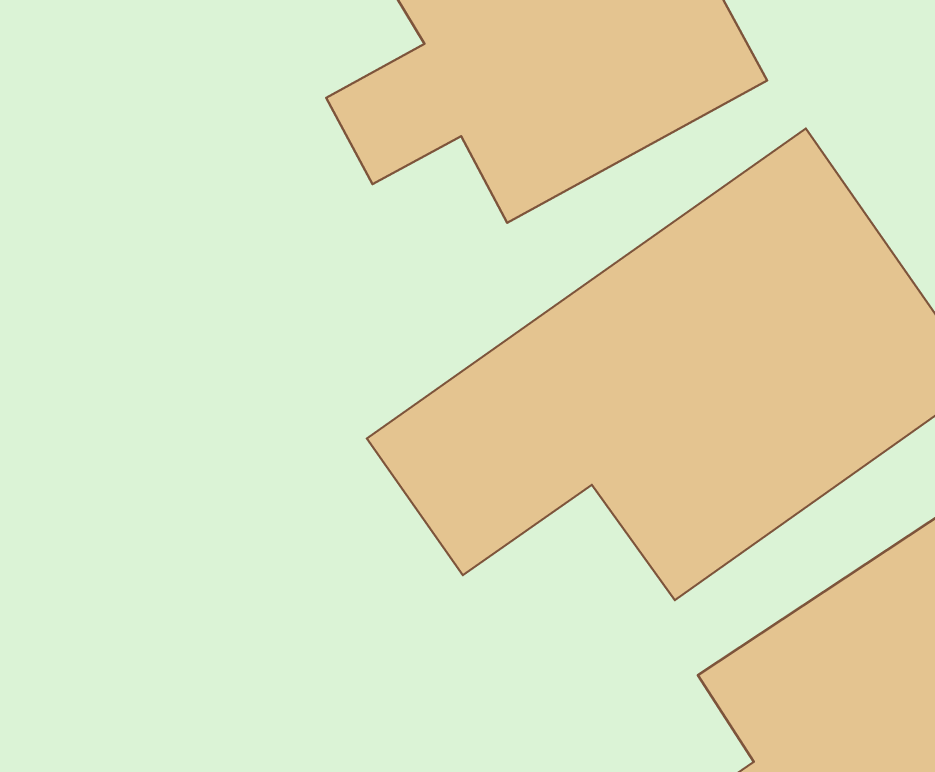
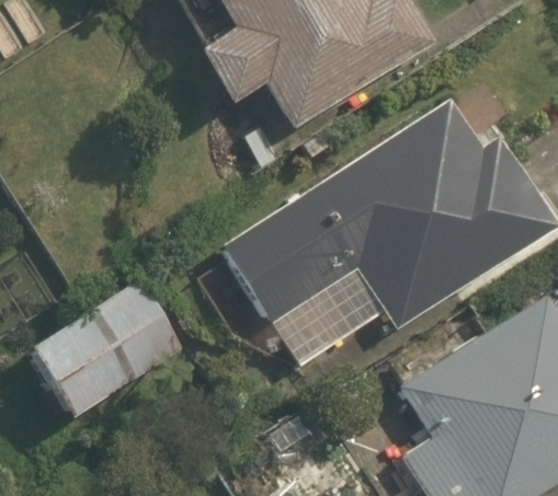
building: none -> [25,275,182,417]

